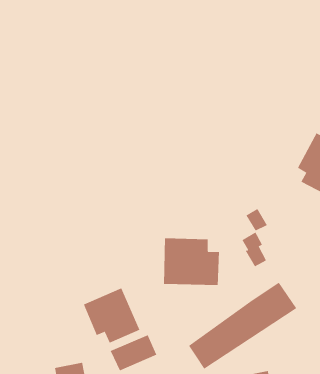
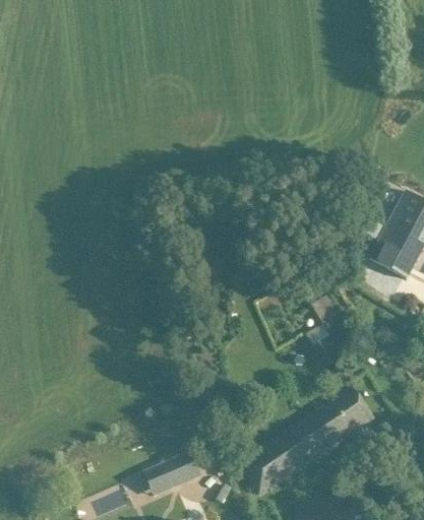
building: [163,238,220,286] -> none
building: [83,288,140,343] -> none

